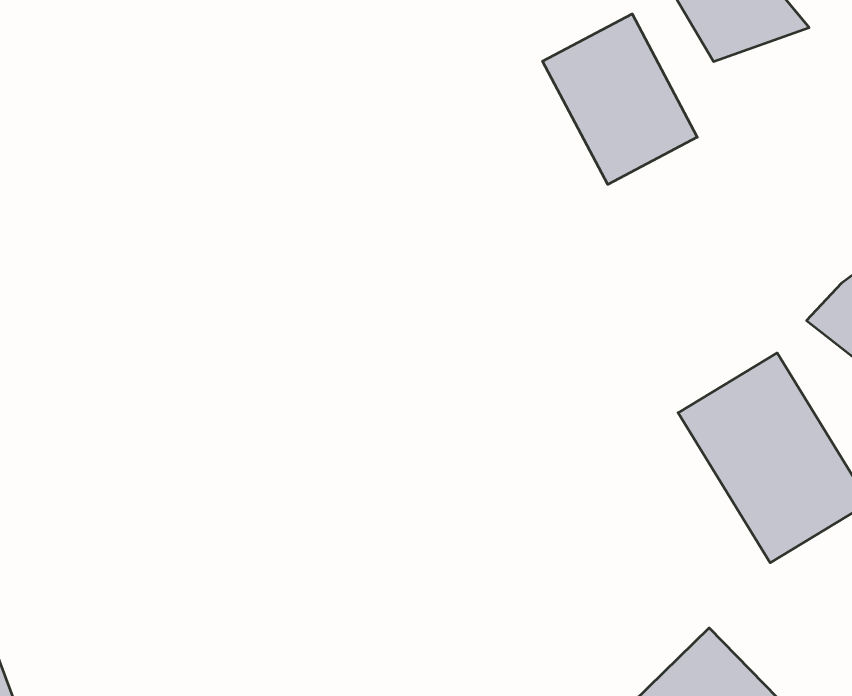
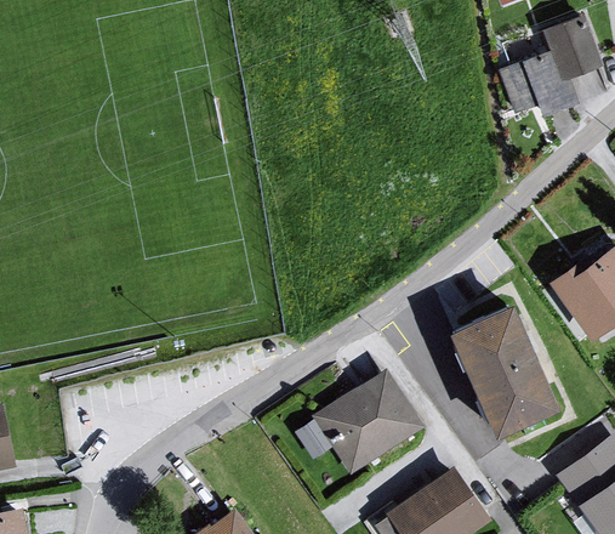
building: [543,14,697,184] -> none
building: none -> [311,373,421,477]

